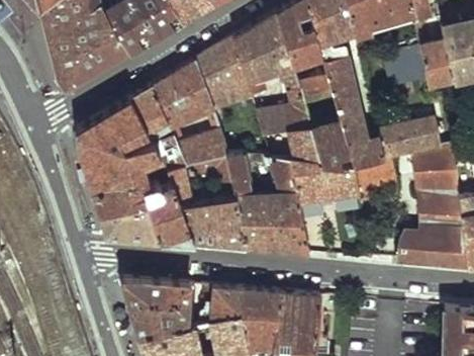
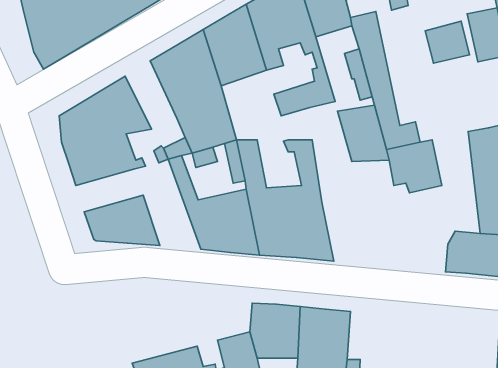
building: [133,86,177,144] -> none
building: [377,118,440,155] -> none
building: [289,120,360,205] -> none
building: [92,177,197,245] -> none
building: [120,279,241,341] -> none

